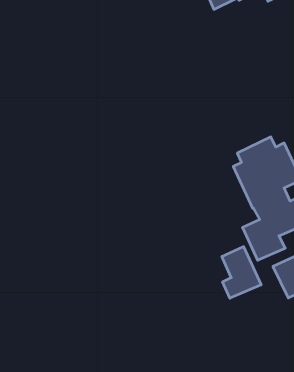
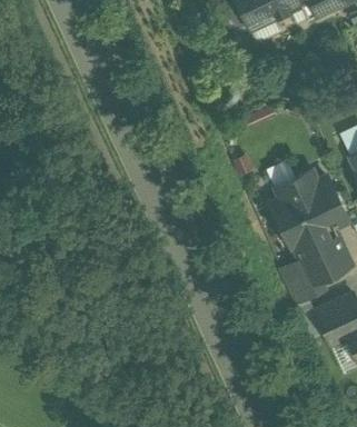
building: [222,247,261,298] -> none

